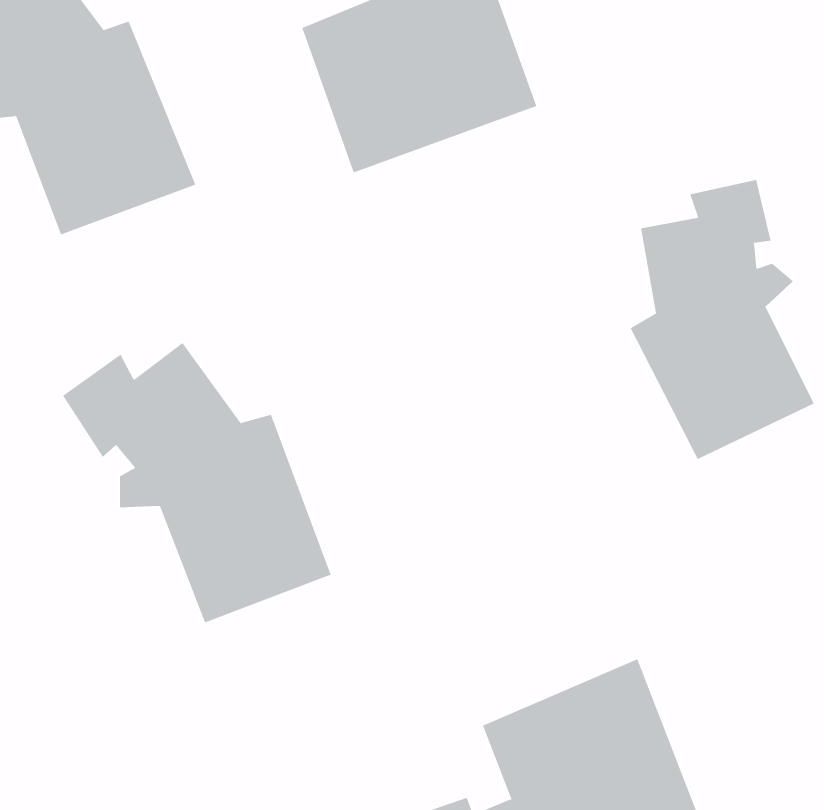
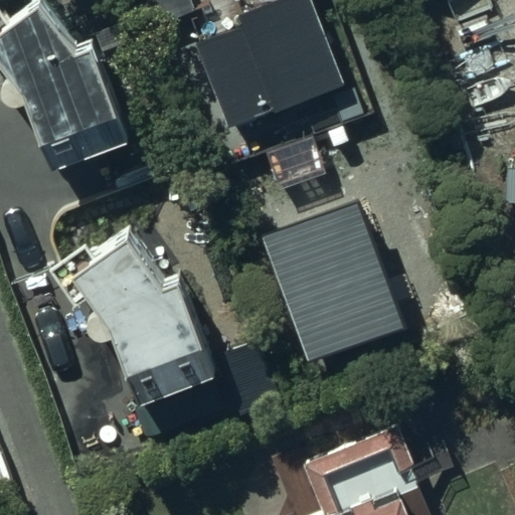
building: [630,179,815,460] -> none
building: none -> [265,203,408,367]

